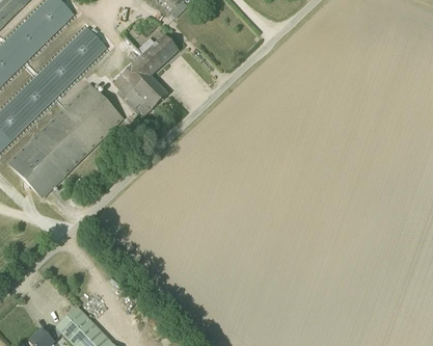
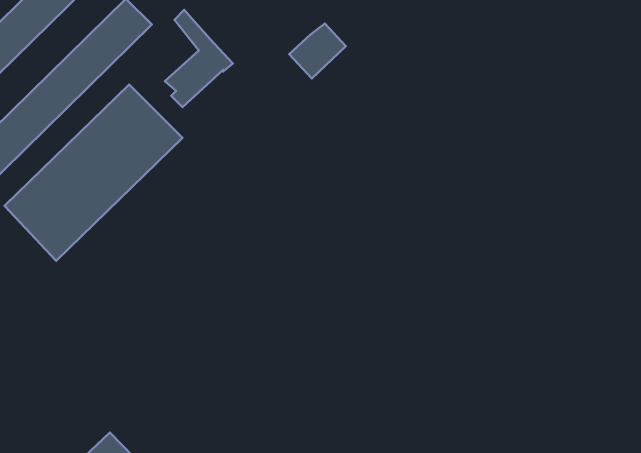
building: [142,34,179,70] -> [289,23,346,79]
building: [125,74,168,115] -> none

